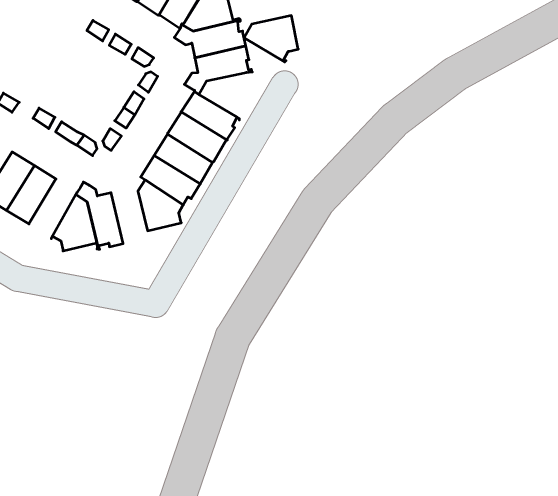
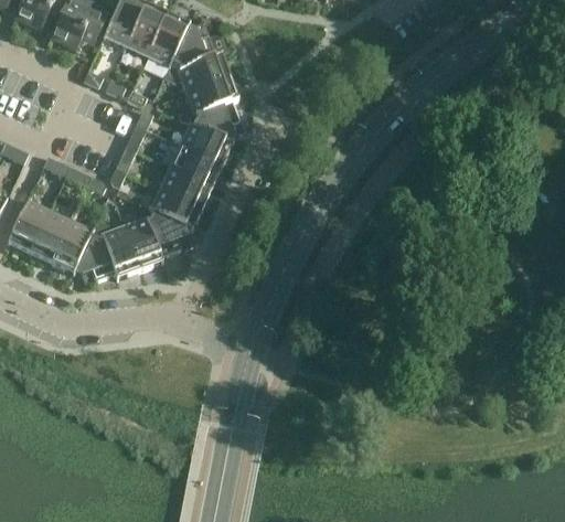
building: [244,16,298,62] -> [192,100,243,143]
building: none -> [122,203,162,270]
building: none -> [51,219,92,274]

